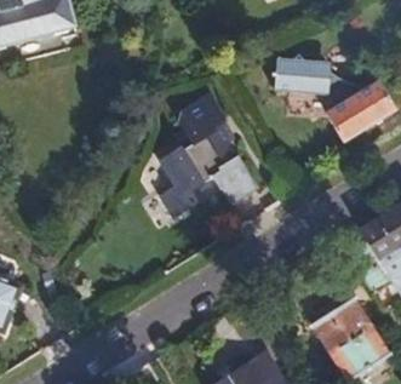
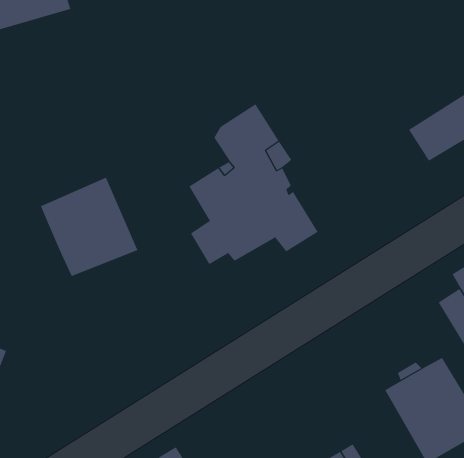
building: [269,56,327,90] -> none
building: none -> [40,177,138,277]

